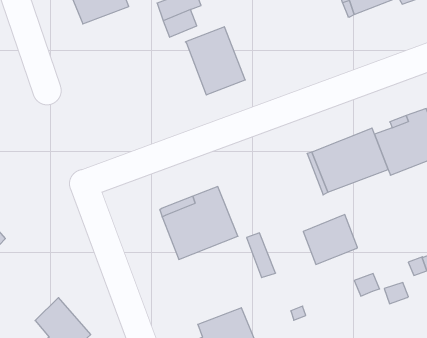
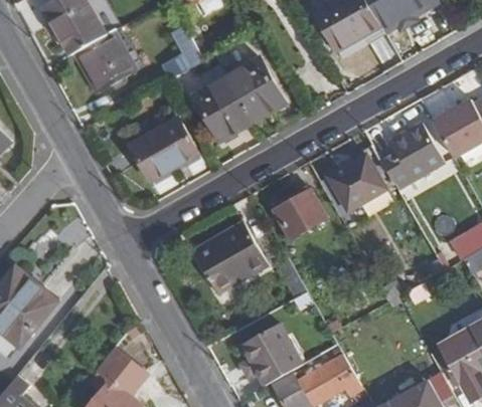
building: none -> [226,57,285,122]
building: none -> [126,110,197,180]
building: [303,215,357,264] -> [275,189,326,238]

